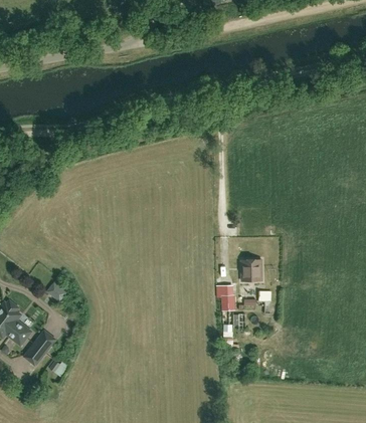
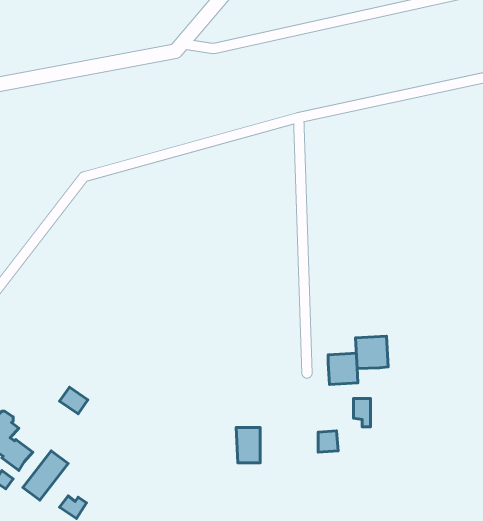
building: none -> [356,336,388,368]
building: [217,286,234,311] -> [236,428,260,463]

